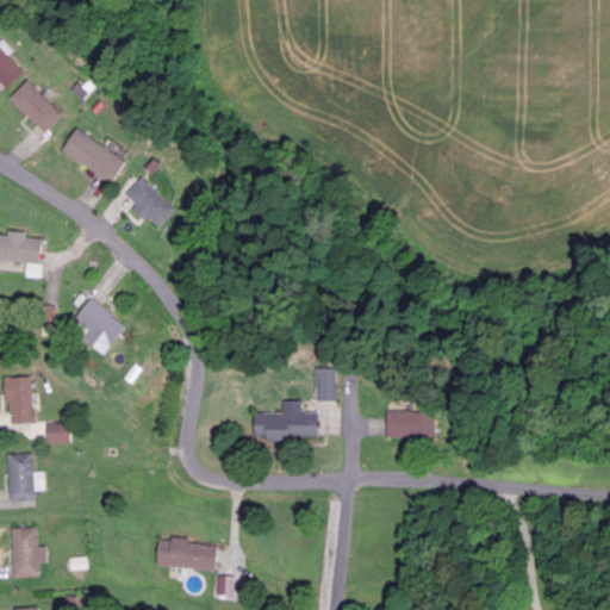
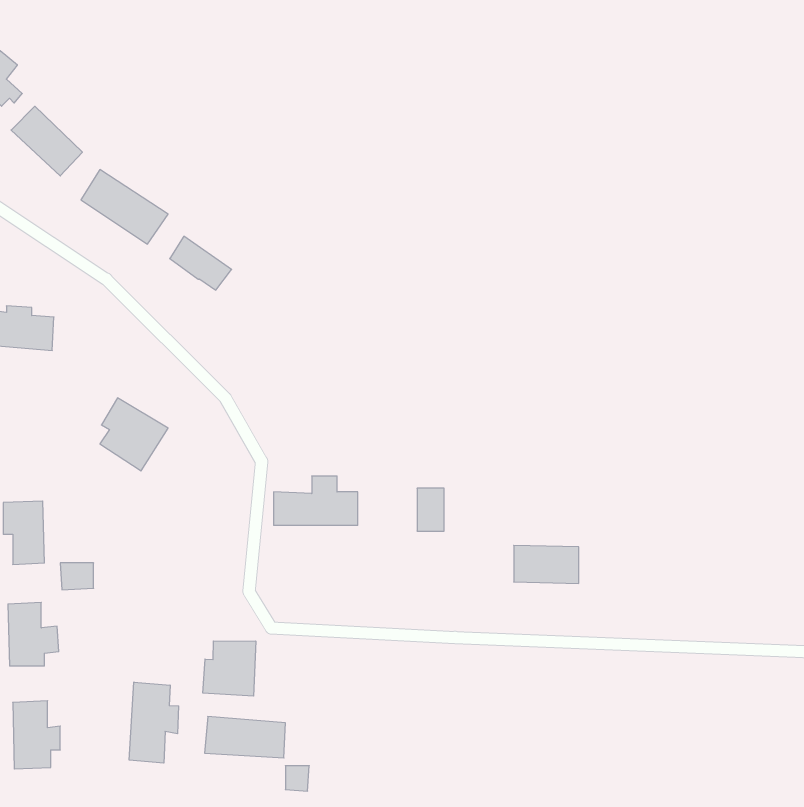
building: [251,400,315,437] -> [274,476,358,525]
building: none -> [203,641,256,696]
building: none -> [129,682,179,763]

